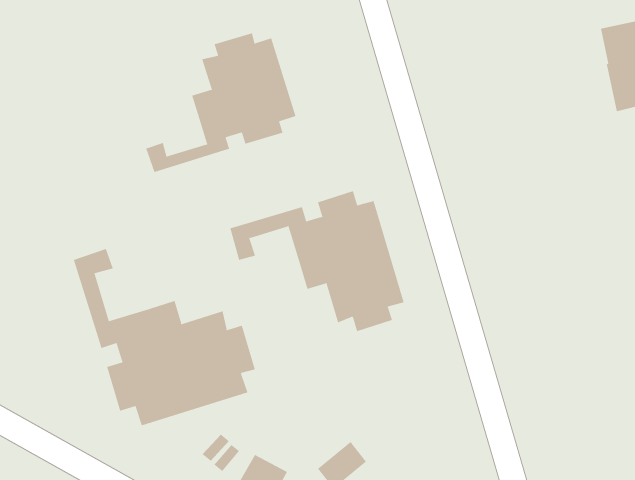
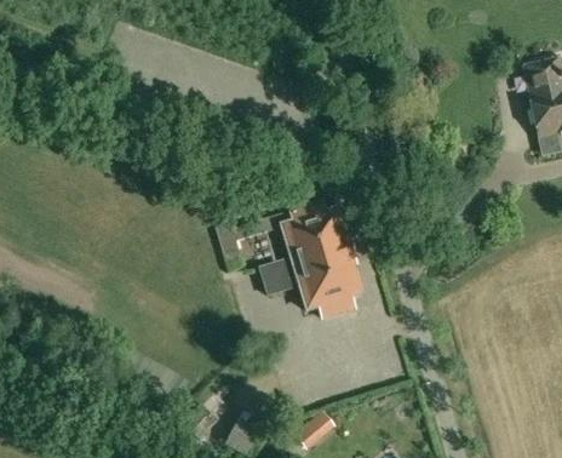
building: [146,32,296,173] -> none
building: [73,248,256,426] -> none

